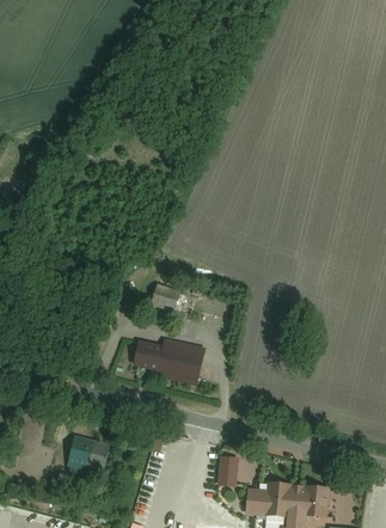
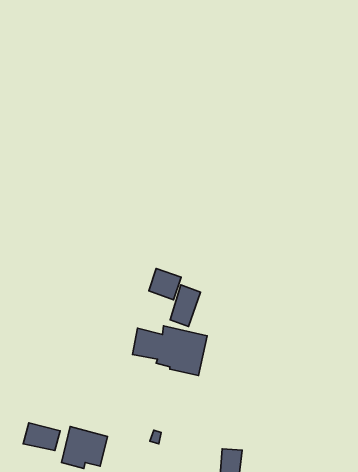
building: none -> [170,285,200,326]
building: none -> [23,423,60,450]

